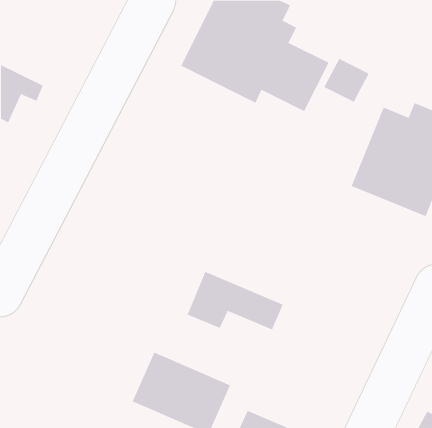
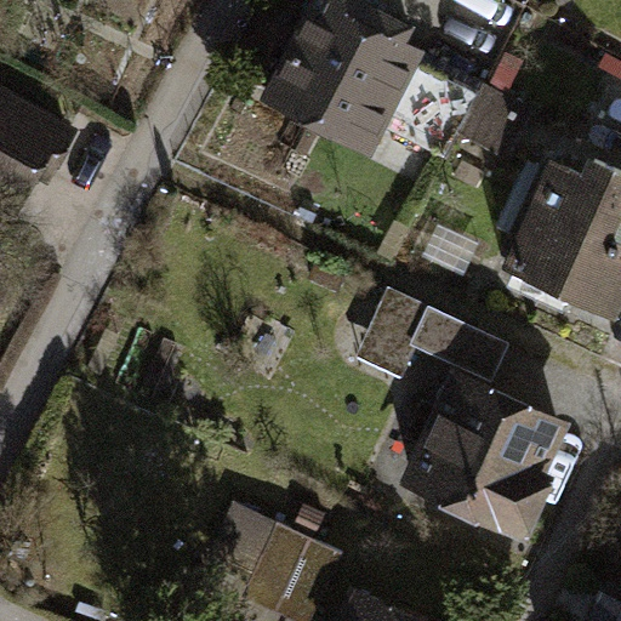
building: none -> [415,380,564,523]
building: [187,271,284,330] -> [357,290,494,374]

